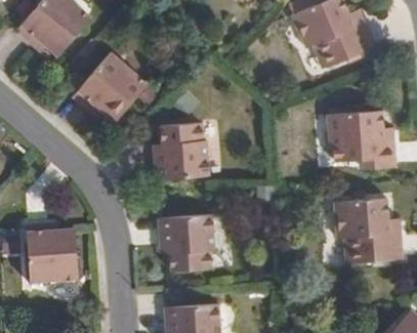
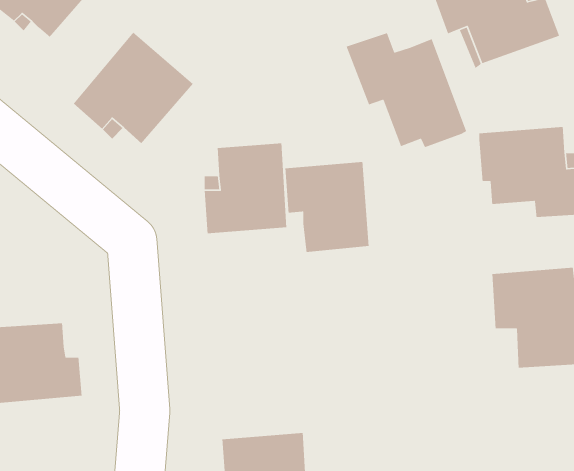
building: none -> [345,32,467,148]
building: [160,213,213,270] -> [285,161,370,253]

